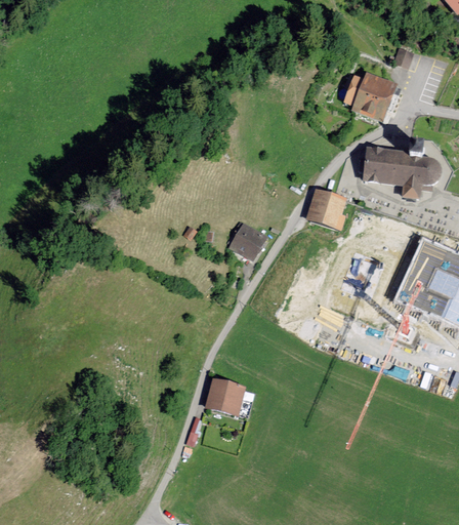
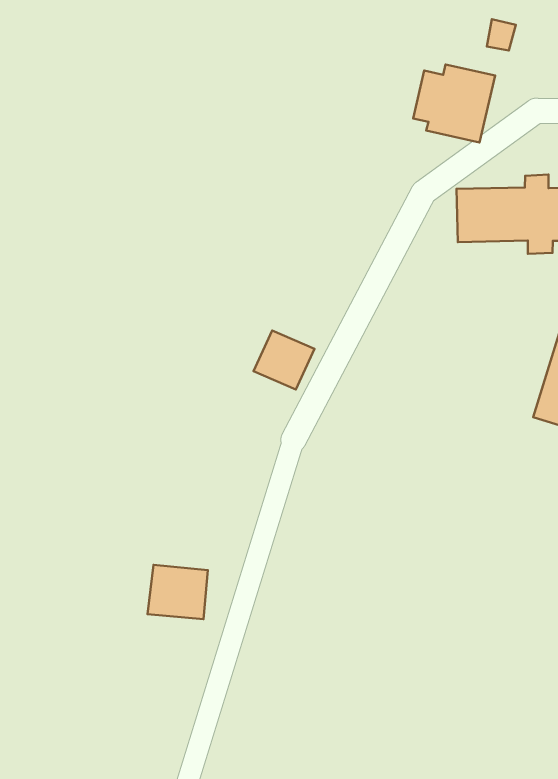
building: [305,189,346,230] -> none
building: [204,378,244,415] -> [148,565,208,619]

